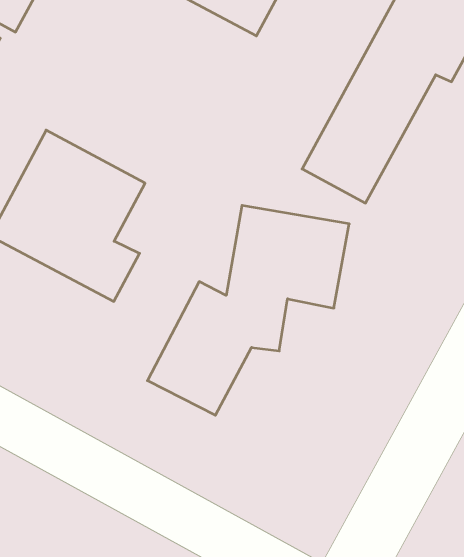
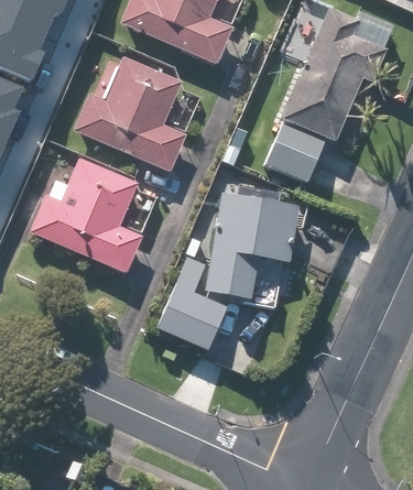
building: none -> [72,56,188,173]

